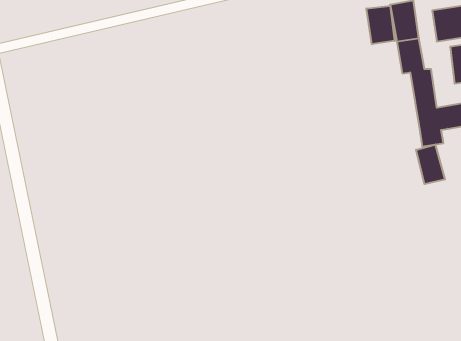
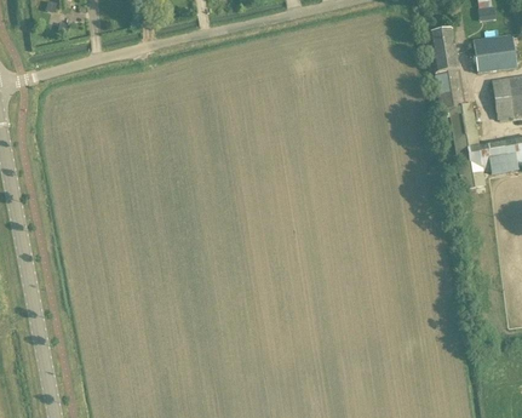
building: [366,6,394,44] -> none
building: [416,144,445,184] -> none

